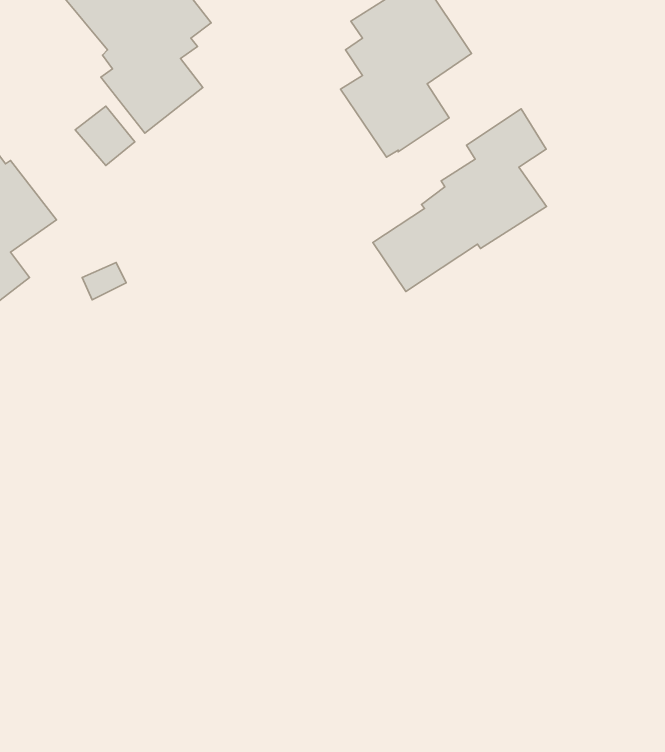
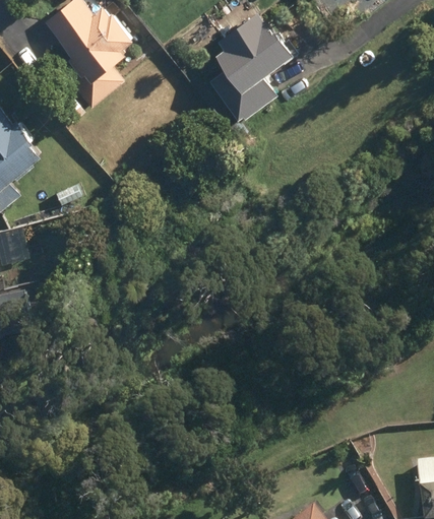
building: [373,109,546,291] -> none

